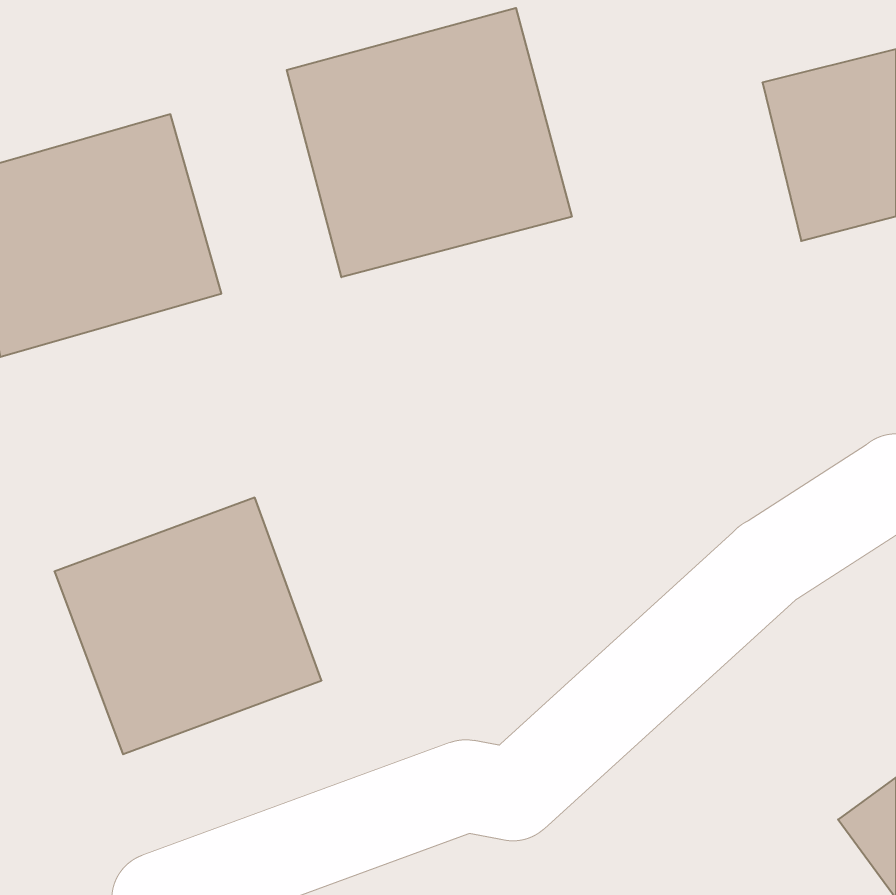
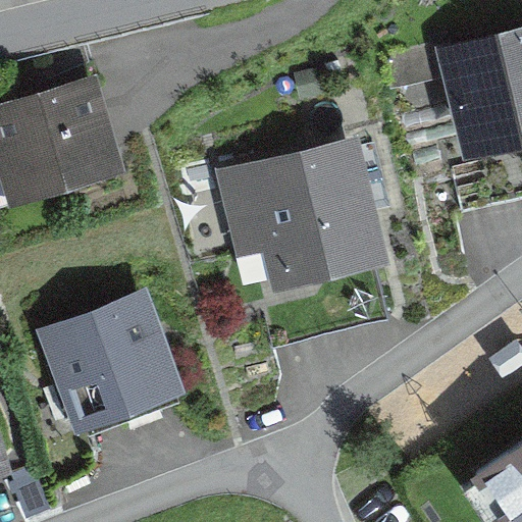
building: [287,8,572,277] -> none
building: none -> [208,136,393,296]

